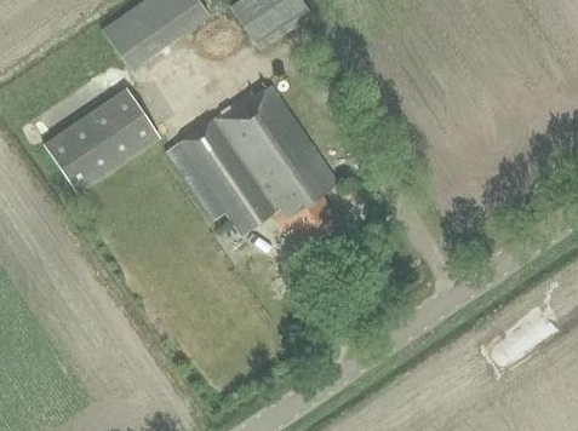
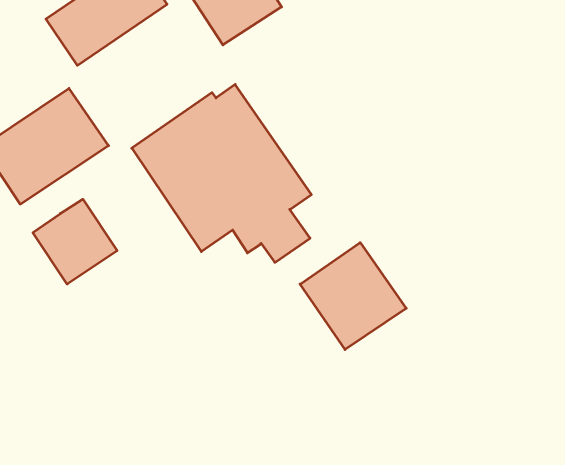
building: none -> [33,199,117,284]
building: none -> [300,243,406,350]

